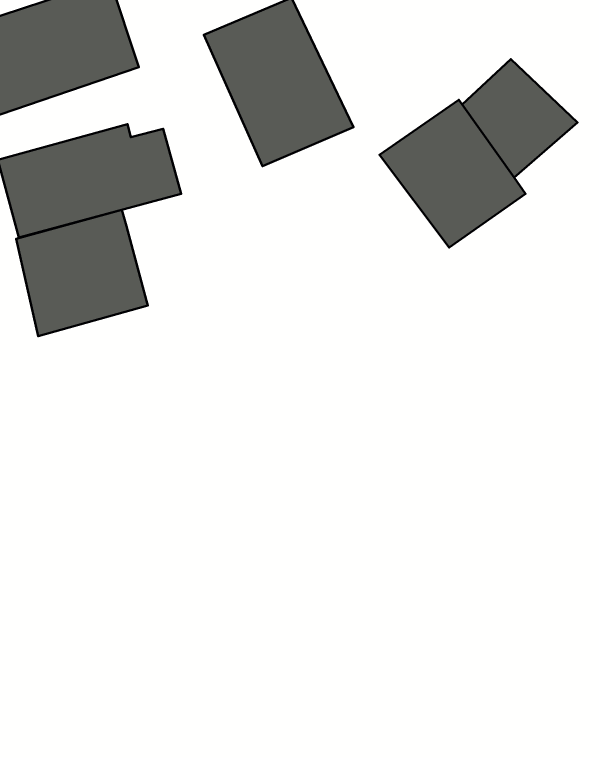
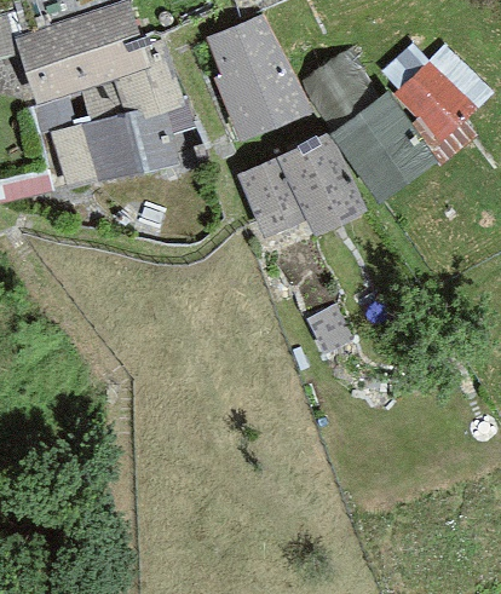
building: none -> [235,131,368,238]
building: [16,210,148,336] -> none

